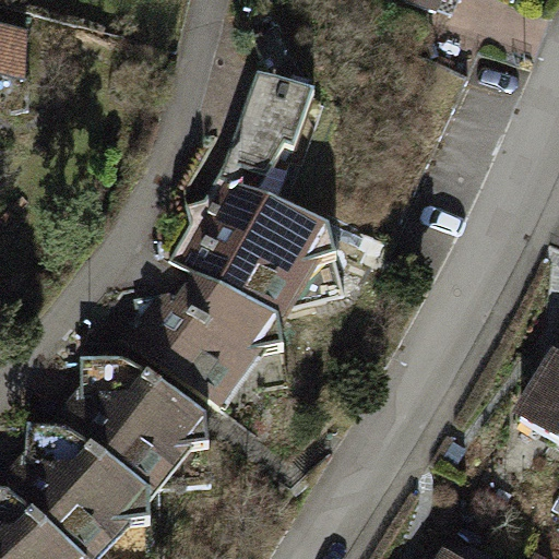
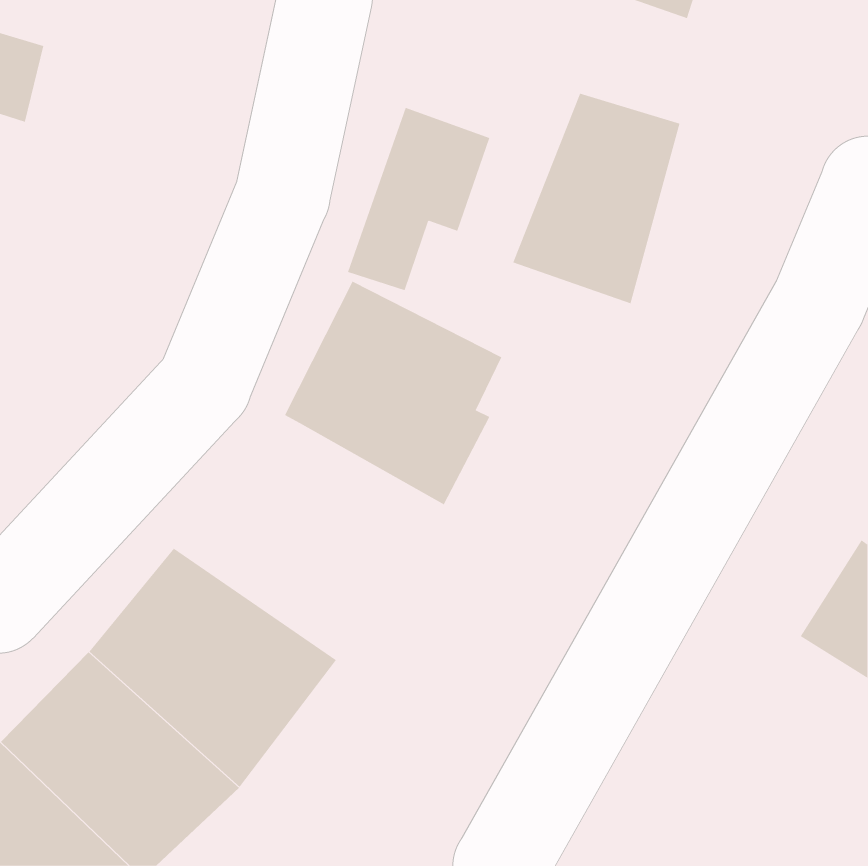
building: none -> [513,93,680,304]
building: [111,272,285,424] -> none

